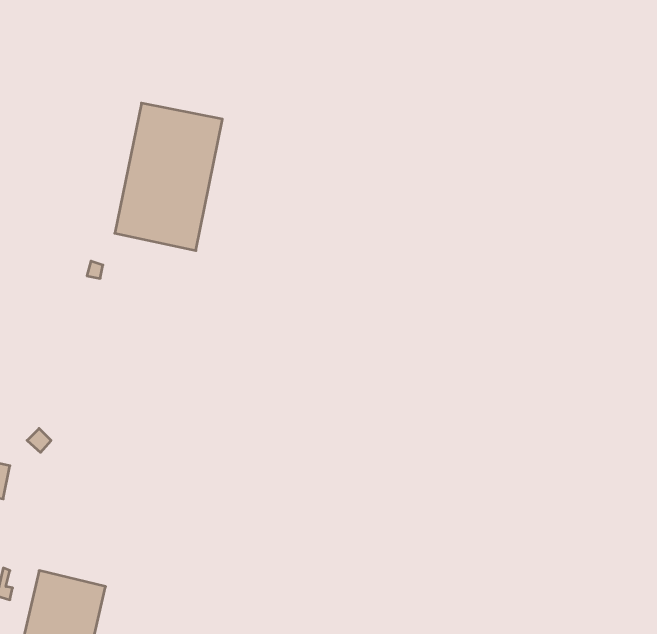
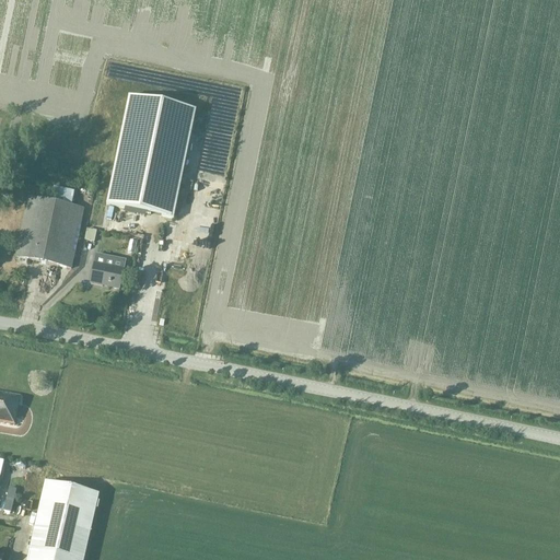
building: none -> [18,183,84,264]
building: none -> [91,259,124,284]

